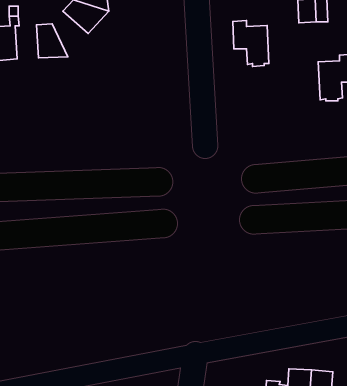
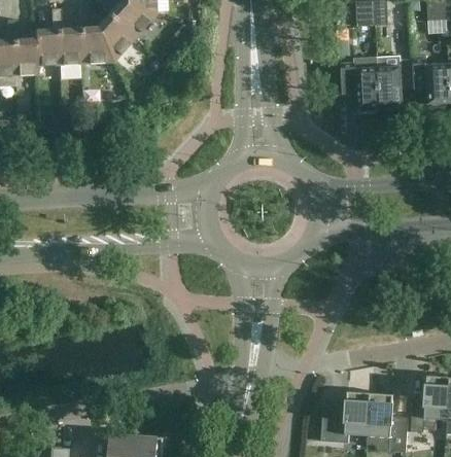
building: none -> [97,13,135,62]
building: [233,21,269,66] -> [342,62,380,110]
building: none -> [58,28,82,64]

